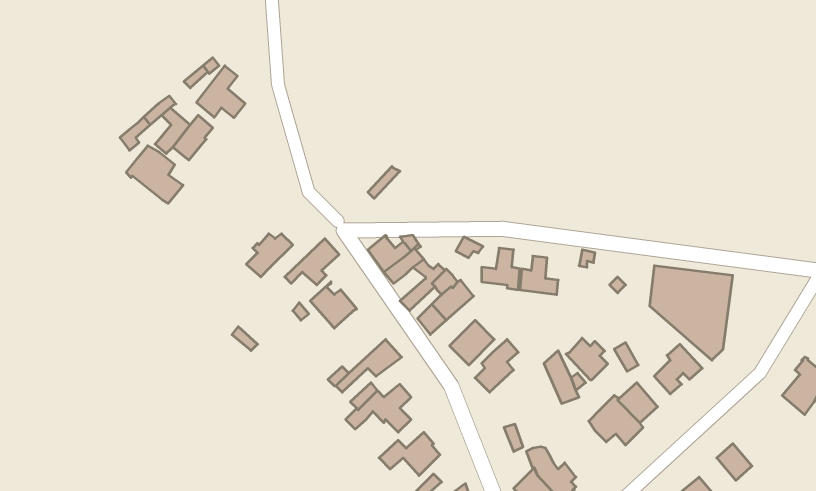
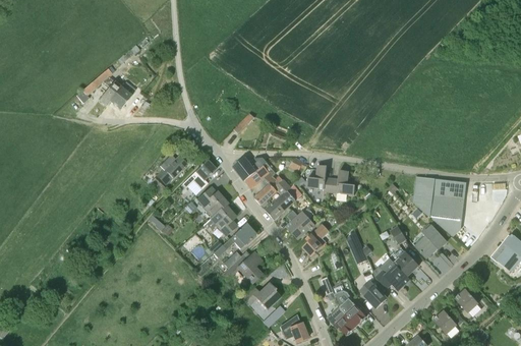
building: [197,66,245,118] -> none
building: [126,146,183,203] -> none
building: none -> [206,205,236,235]
building: [566,338,608,380] -> [360,281,387,307]

